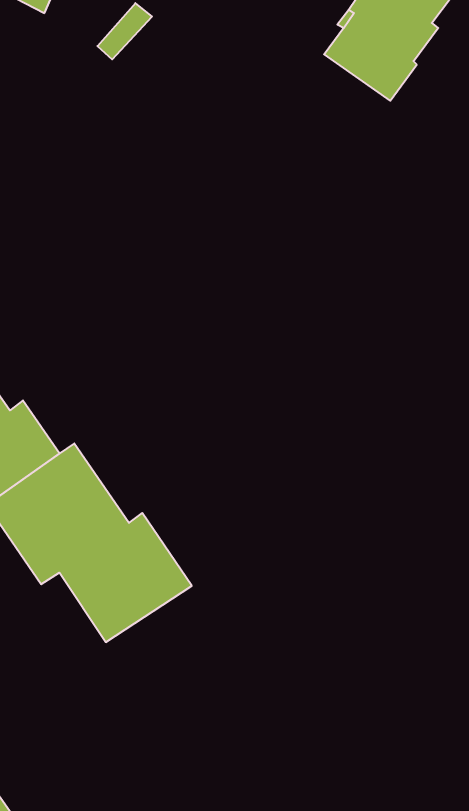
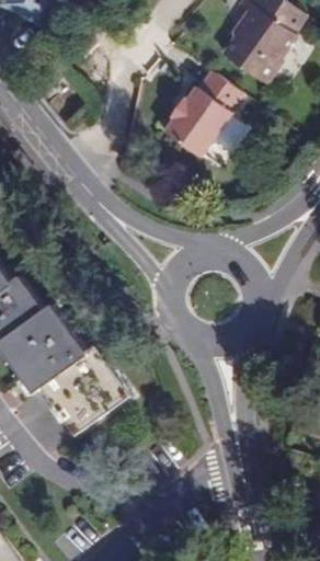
building: none -> [163,70,242,157]

